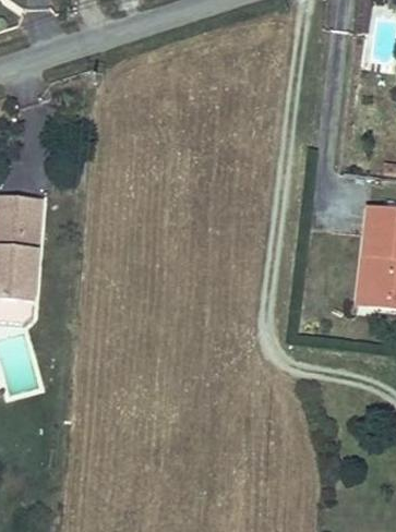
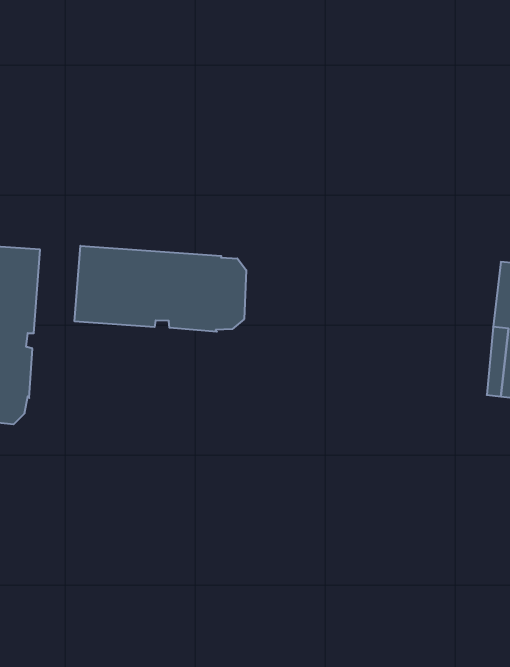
building: none -> [75,246,246,332]

